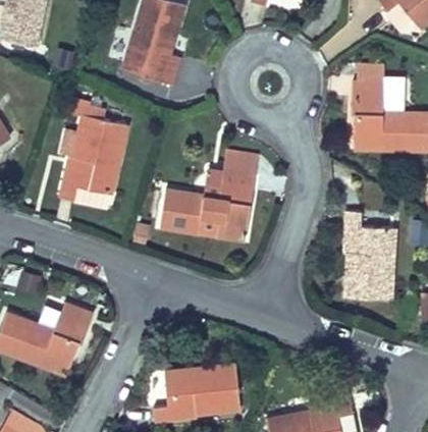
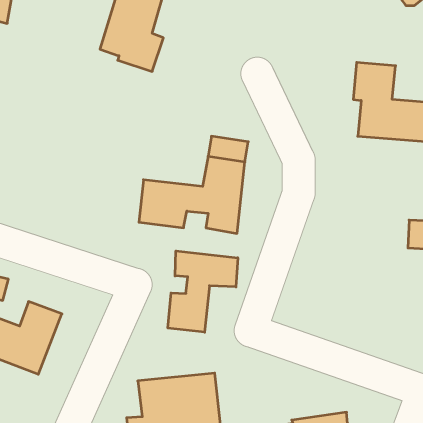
building: [49,108,123,206] -> none
building: [343,206,398,299] -> none
building: none -> [168,251,238,332]

